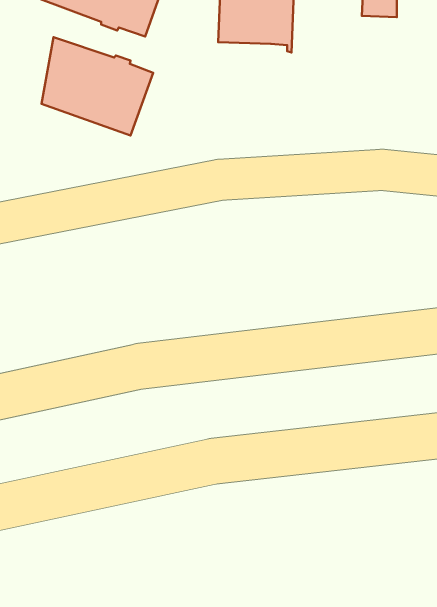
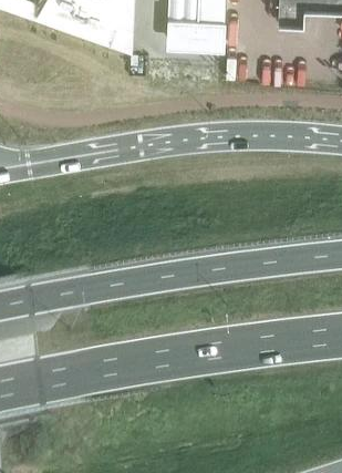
building: [42,37,153,136] -> none

